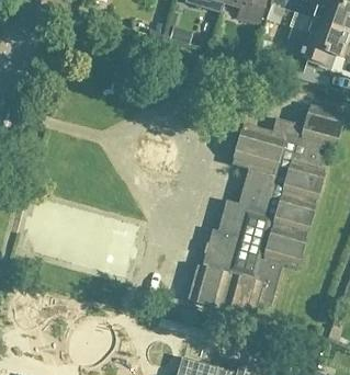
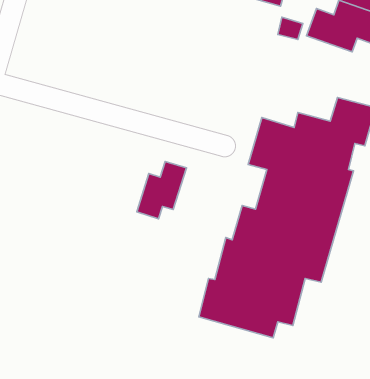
building: none -> [137,161,186,219]

